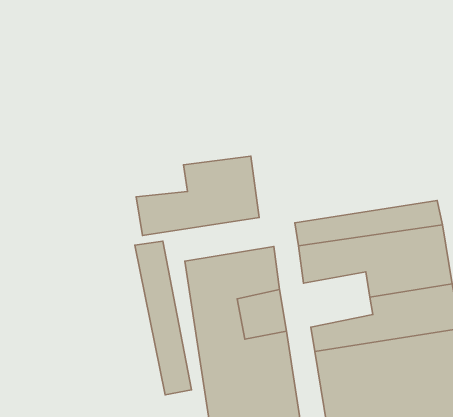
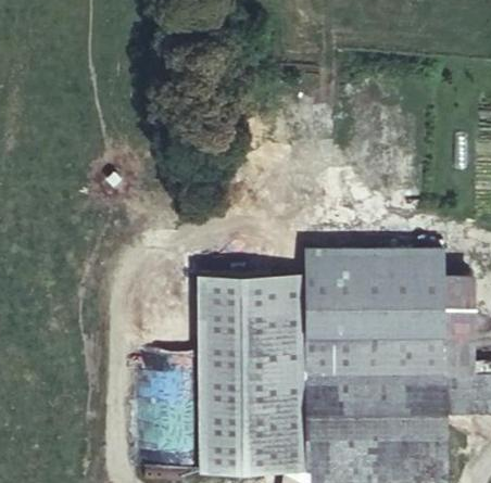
building: [136,156,259,235] -> none
building: [135,241,192,395] -> none
building: none -> [307,314,366,356]

